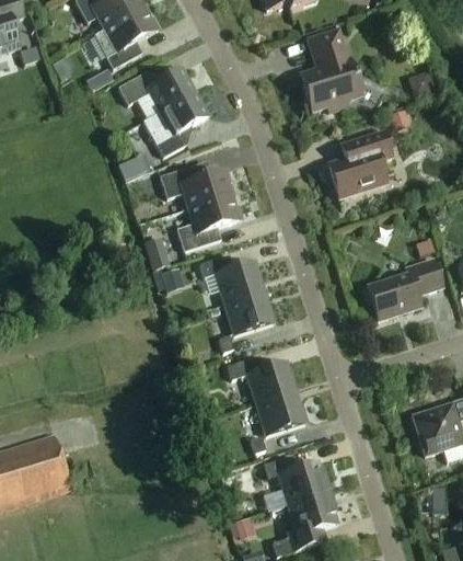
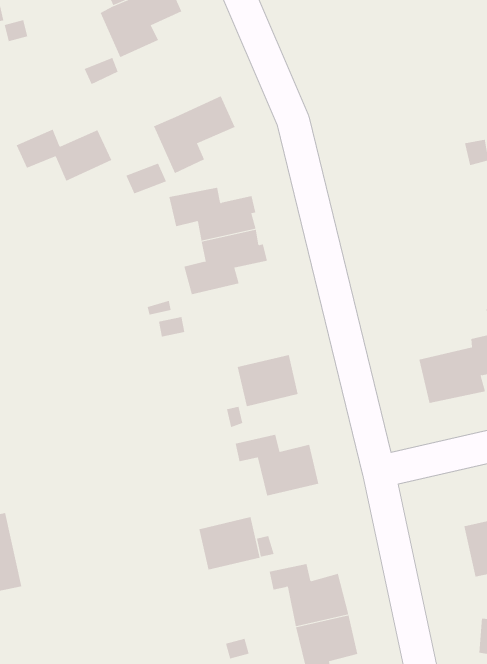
building: [300,30,358,112] -> none
building: [118,69,195,112] -> [16,129,112,181]
building: [328,130,392,197] -> none
building: [199,254,265,305] -> none
building: [256,391,306,436] -> [199,517,260,570]

